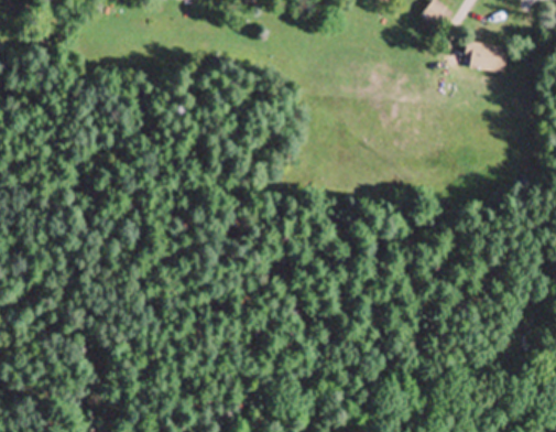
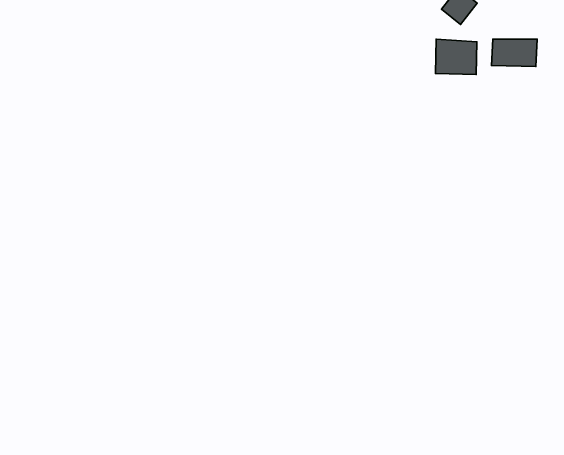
building: none -> [436,39,477,75]

